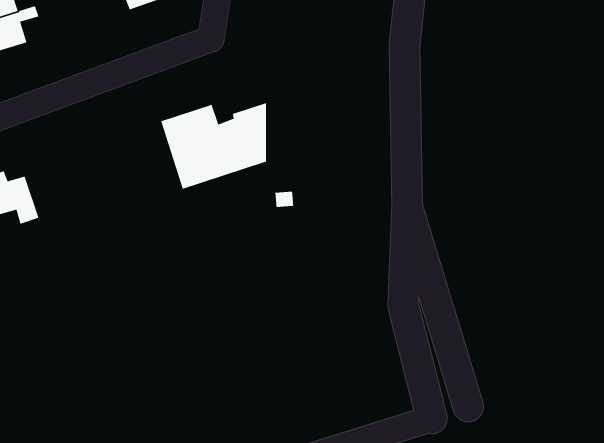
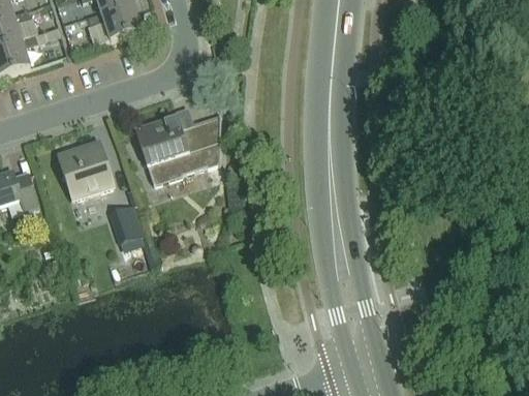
building: none -> [58,140,114,199]
building: none -> [110,204,144,242]

